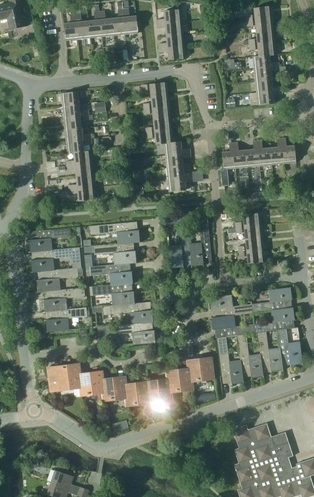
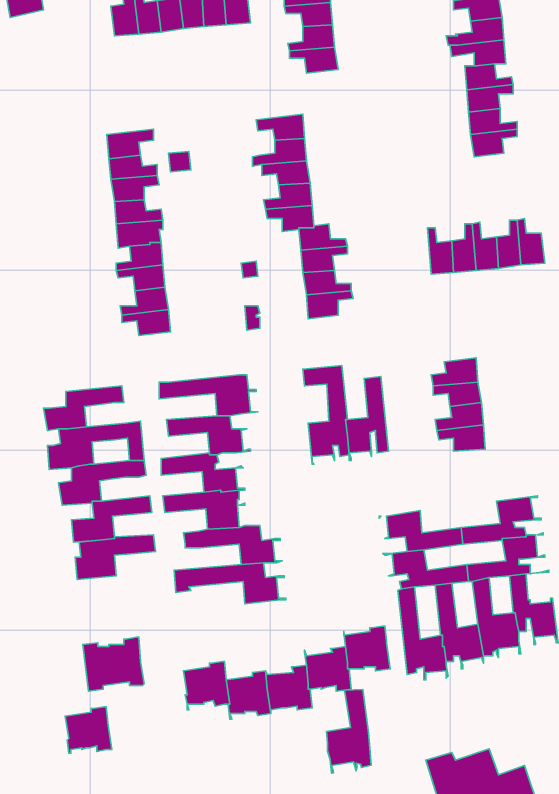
building: [220,142,235,184] -> none
building: [79,370,104,395] -> [65,707,112,753]
building: none -> [327,689,371,773]

